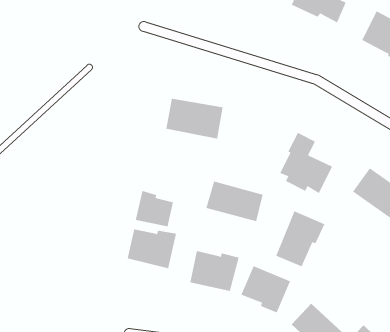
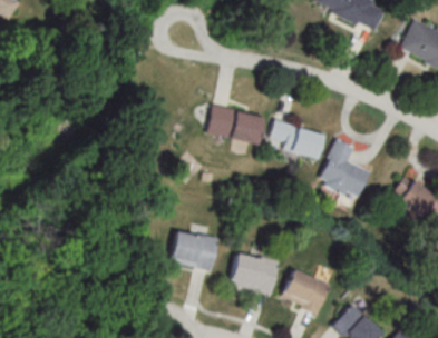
building: [206,181,264,222] -> [267,118,324,158]
building: [135,190,173,227] -> none
building: [276,211,325,267] -> none

